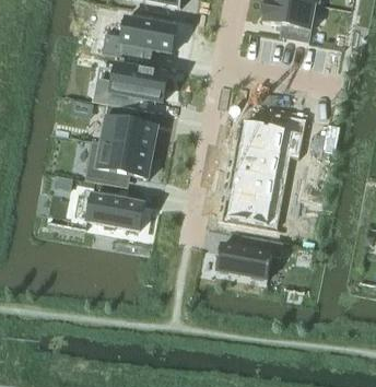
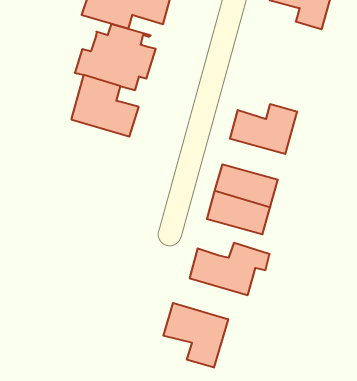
building: [87,140,153,185] -> none
building: [235,145,289,177] -> none
building: [87,194,144,228] -> none
building: none -> [163,303,228,368]

